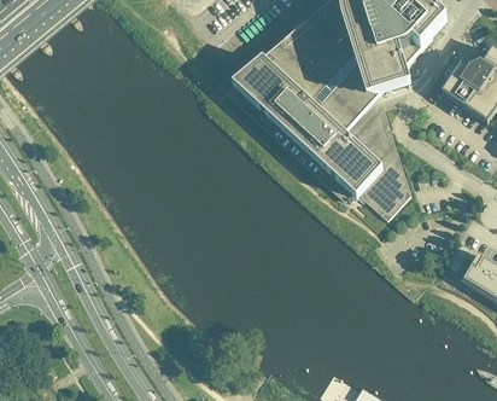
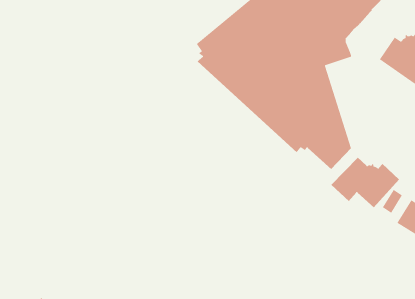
building: none -> [331,157,400,208]

